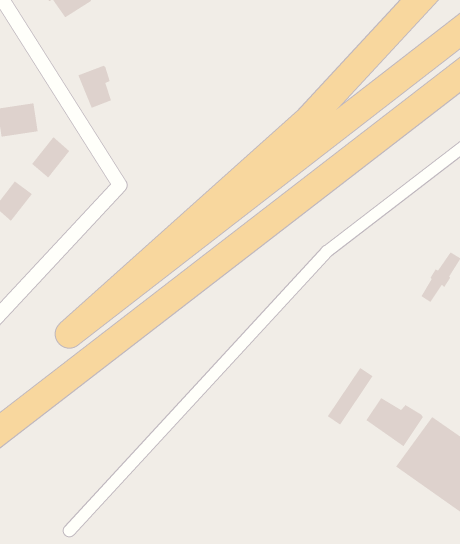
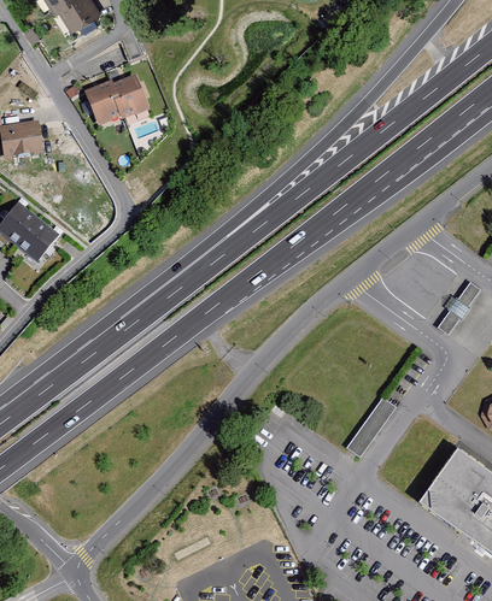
building: none -> [113,73,148,119]
building: [31,136,70,179] -> [13,216,54,260]
building: [366,397,424,447] -> none

